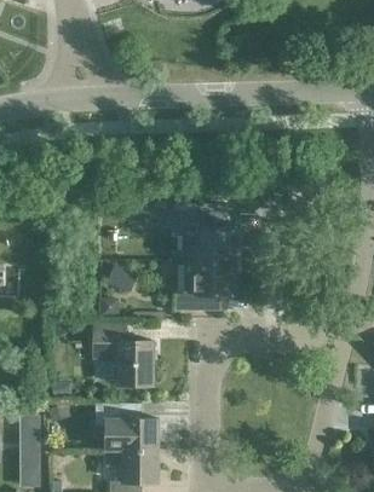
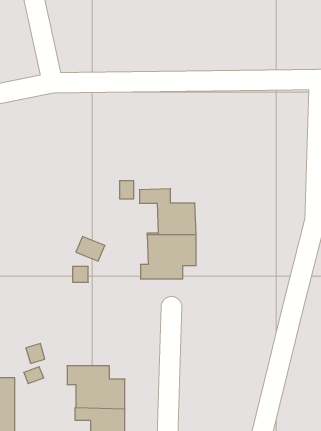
building: [92,325,154,384] -> none

